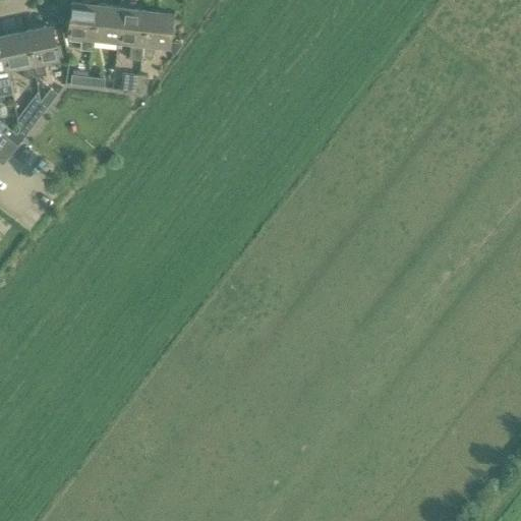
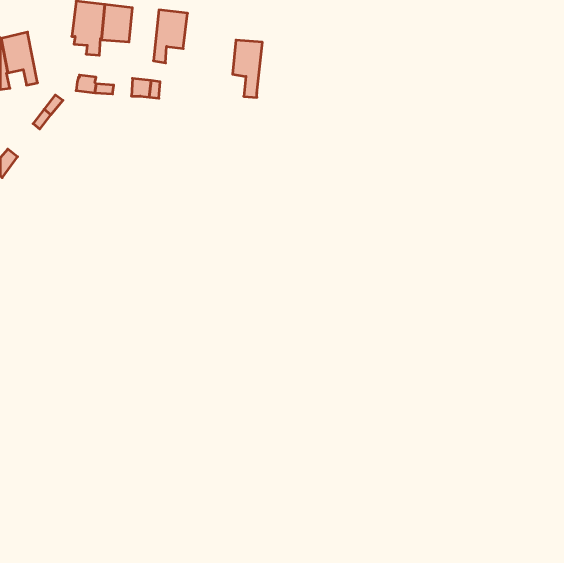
building: [119,8,147,61] -> [233,40,262,97]
building: [25,25,57,77] -> none

